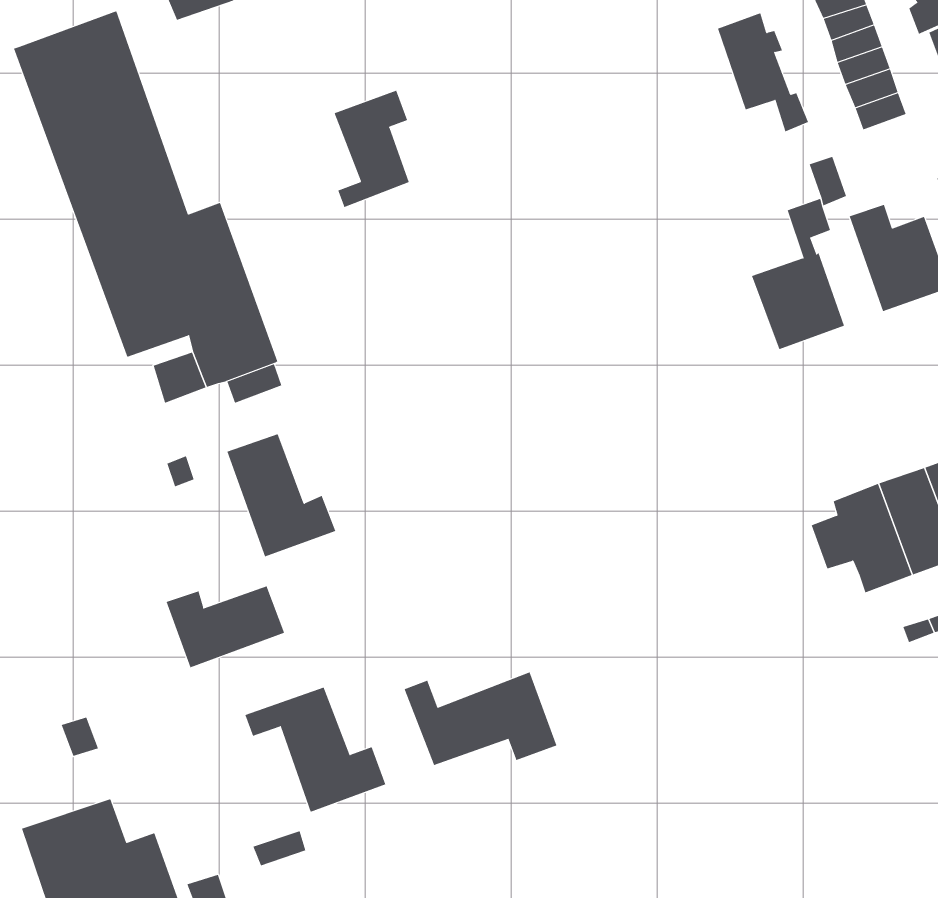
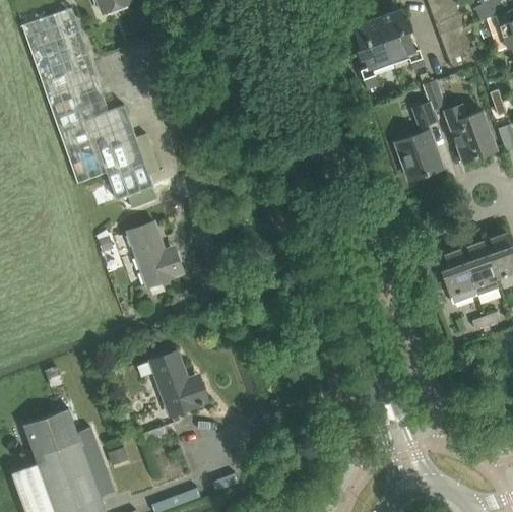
building: none -> [352,16,392,89]
building: [334,90,409,208] -> none
building: [166,586,285,668] -> none
building: [404,672,557,766] -> none

